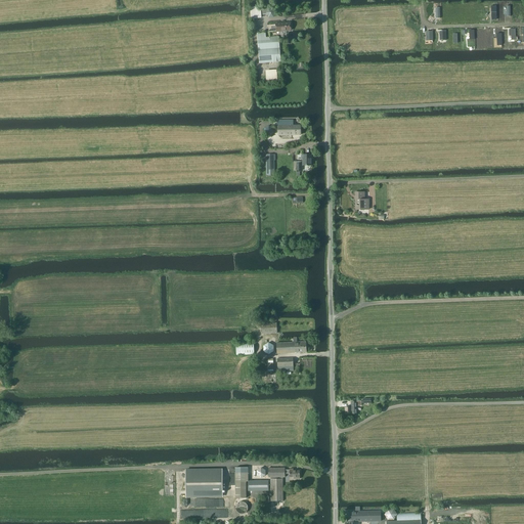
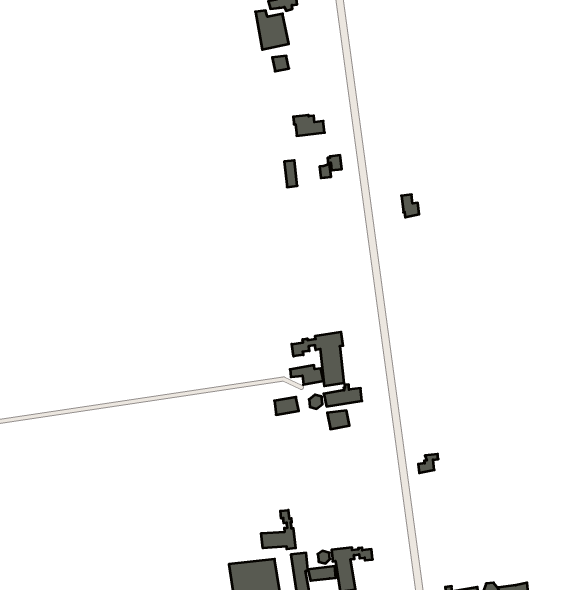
building: none -> [292,332,344,386]
building: none -> [261,510,296,549]

